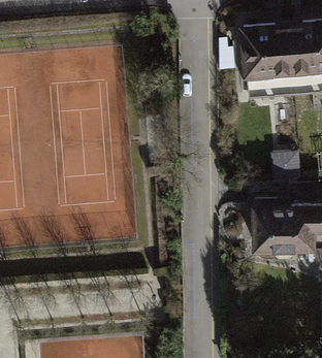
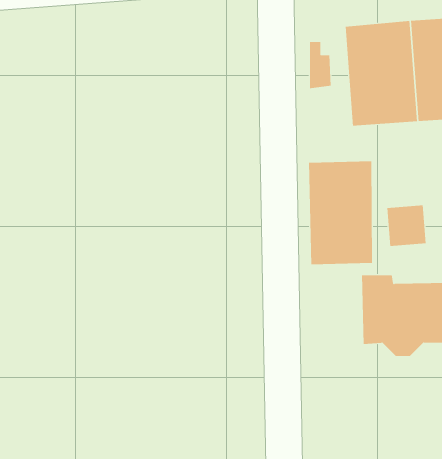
building: none -> [309,160,373,265]

